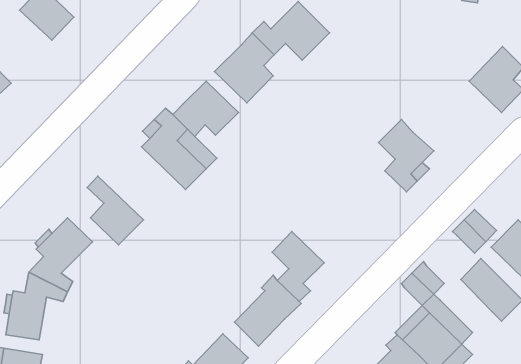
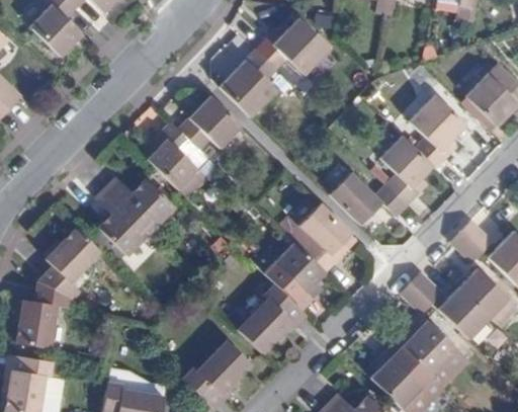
building: none -> [407,91,464,166]
building: none -> [329,170,406,224]
building: none -> [106,176,174,230]
building: none -> [280,201,352,271]
building: none -> [438,287,489,338]

